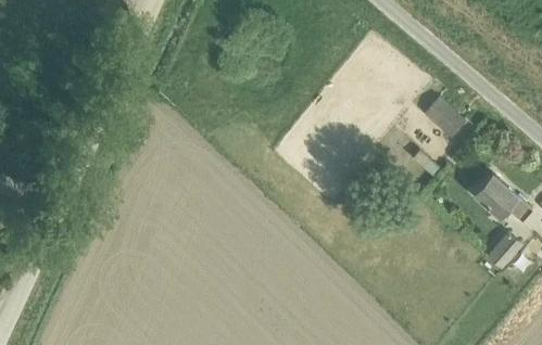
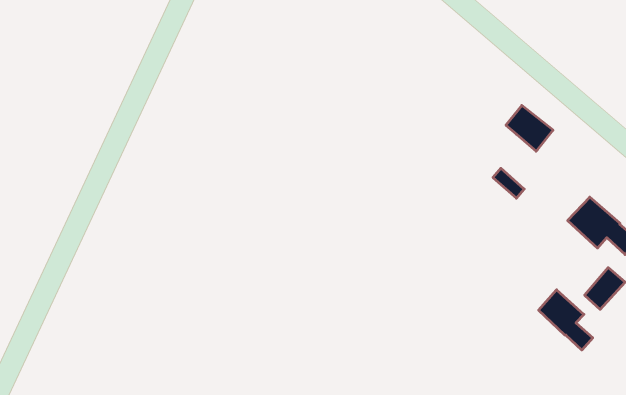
building: none -> [539,290,593,350]

